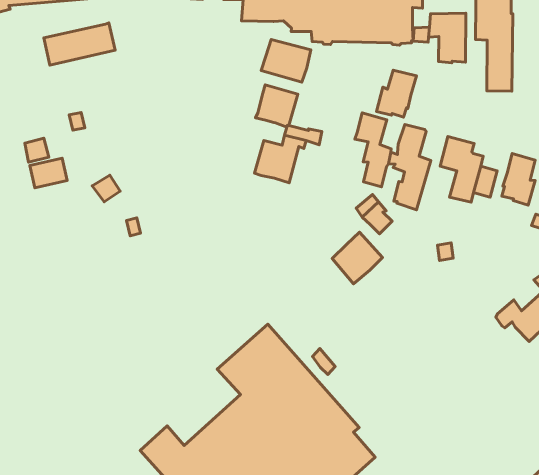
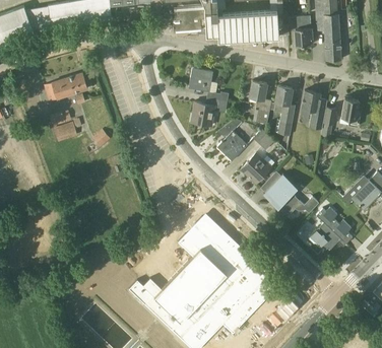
building: [44,23,115,65] -> [44,72,87,100]
building: [261,40,311,82] -> none
building: [376,70,416,117] -> none
building: none -> [216,122,247,161]
building: none -> [263,171,319,216]
building: none -> [308,207,351,252]

